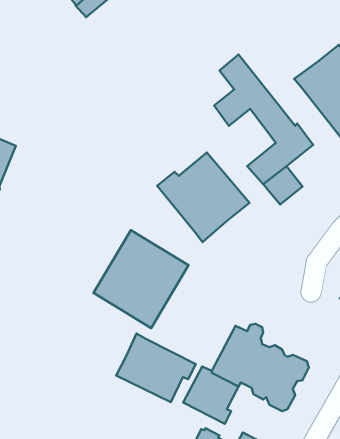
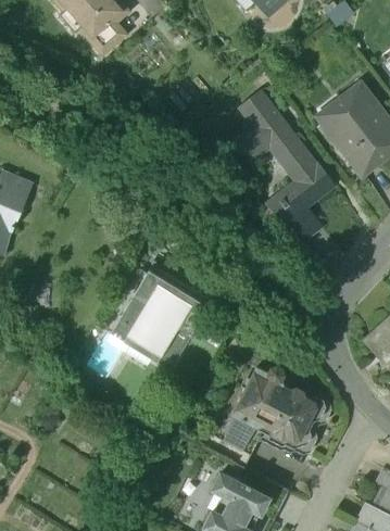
building: [157,152,249,242] -> none
building: [116,333,196,402] -> none

